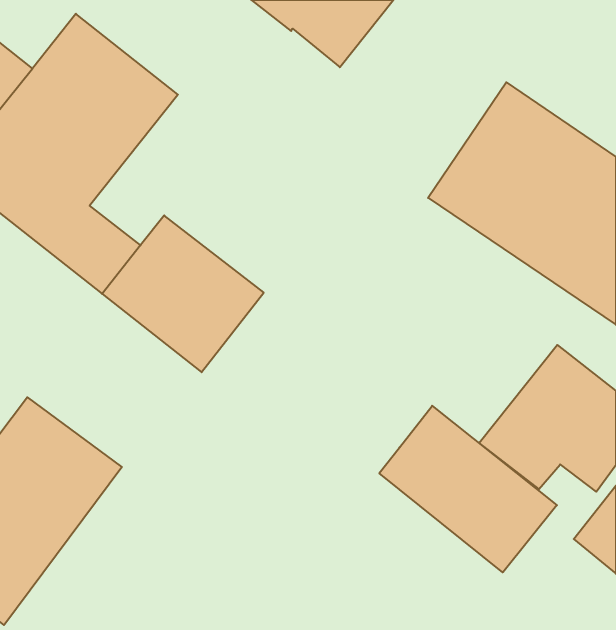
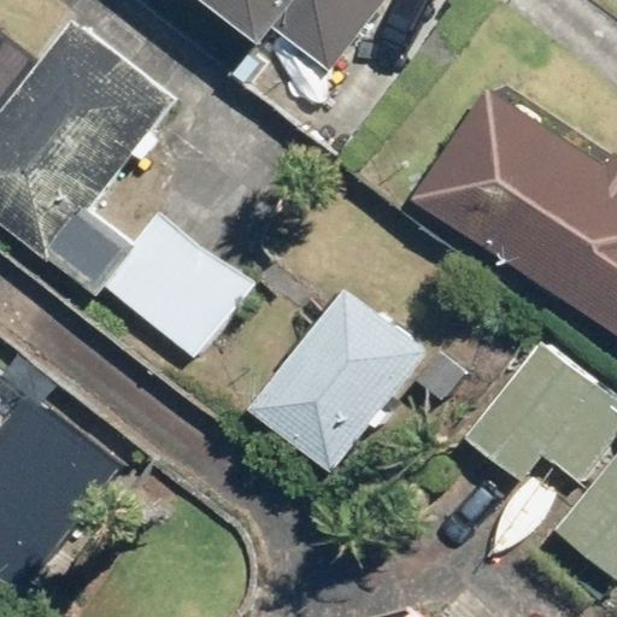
building: none -> [257,287,431,469]
building: [379,406,557,572] -> none

